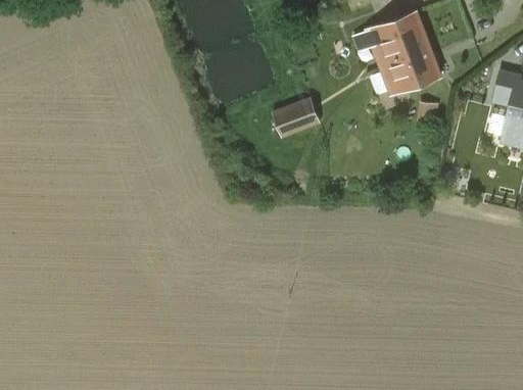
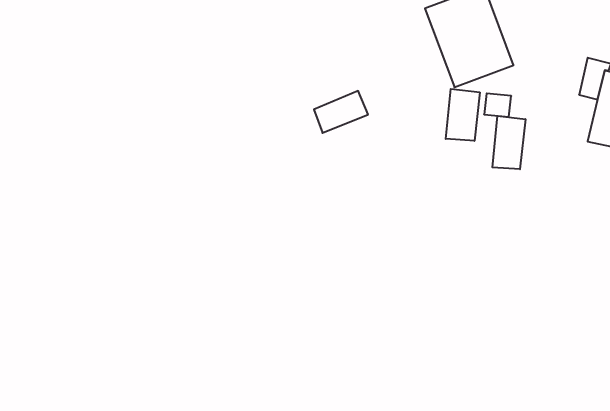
building: none -> [446,89,480,141]
building: none -> [492,116,525,169]

